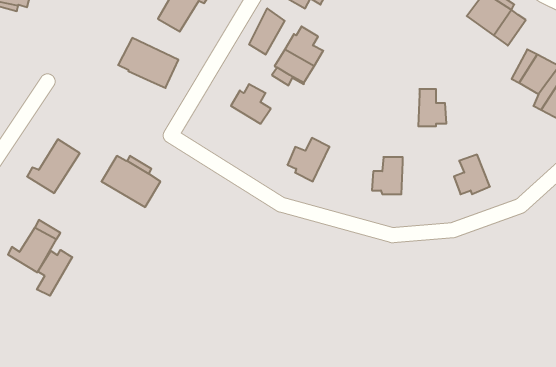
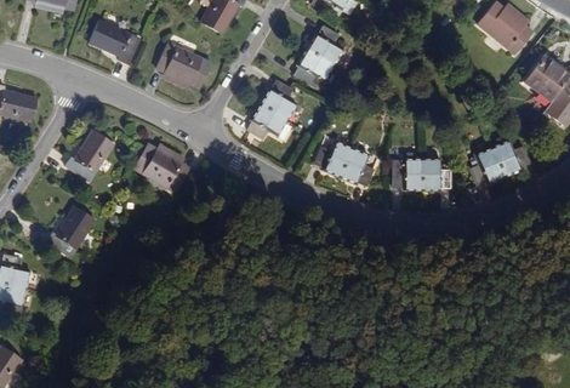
building: [249,8,285,55] -> none
building: none -> [86,18,137,63]
building: [418,89,446,126] -> [420,154,446,189]
building: none -> [247,105,286,142]
building: none -> [336,144,371,184]
building: none -> [491,145,526,182]
building: [37,250,72,296] -> none

